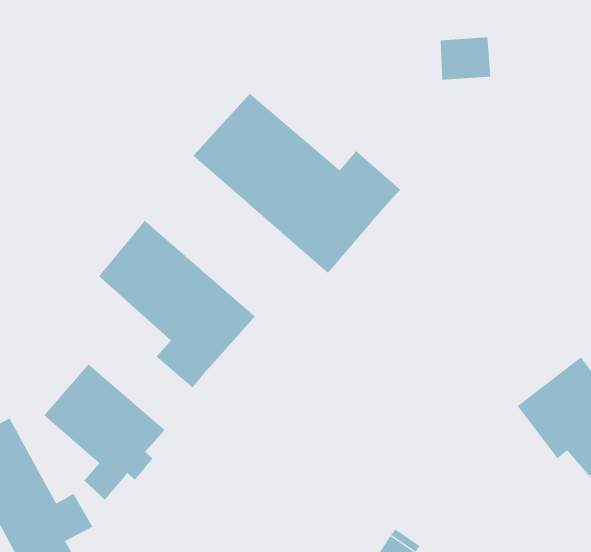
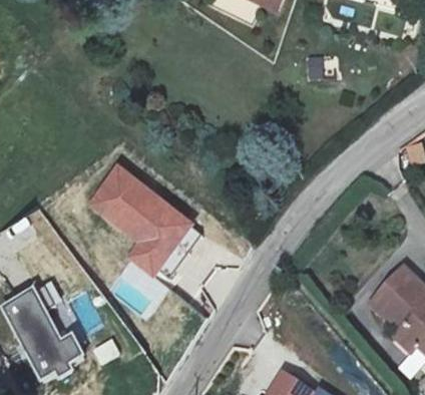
building: [192,93,401,274] -> none
building: [44,364,165,500] -> none

